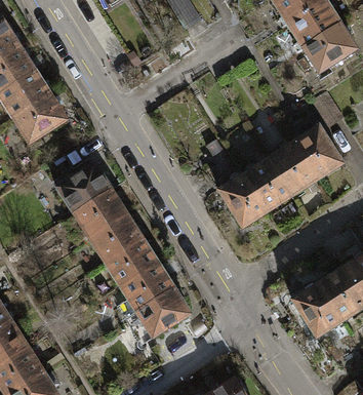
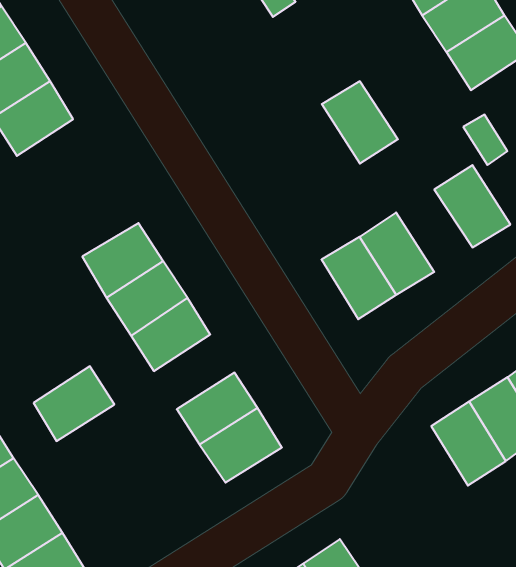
building: [13,93,68,143] -> none
building: [269,141,320,196] -> [322,81,398,164]
building: [106,238,160,288] -> [34,366,114,441]

